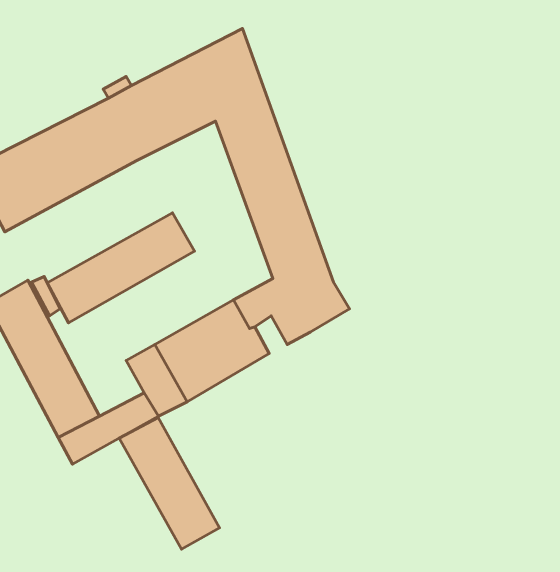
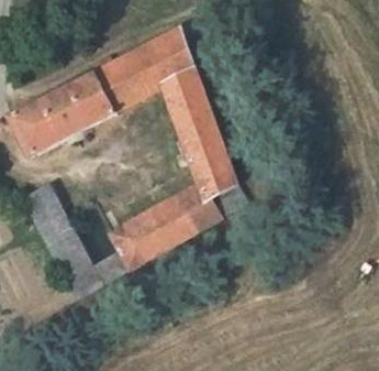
building: [47,213,194,323] -> none
building: [119,417,219,549] -> none

